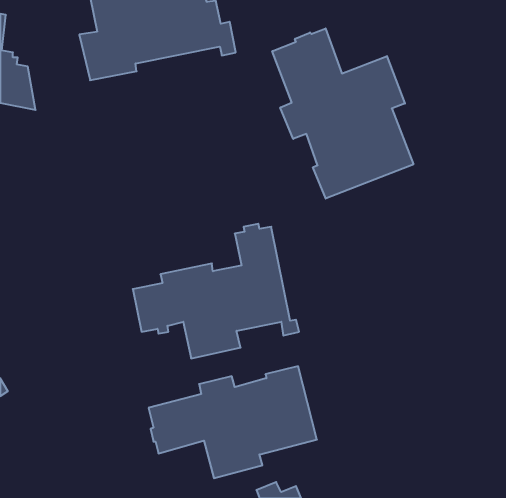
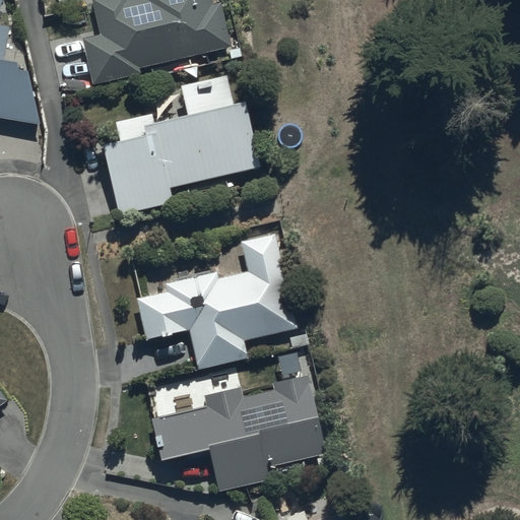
building: [272,28,413,199] -> none
building: none -> [103,75,261,213]

